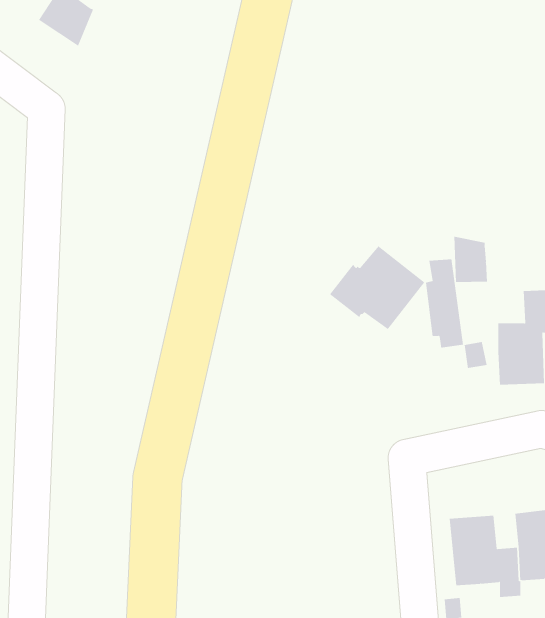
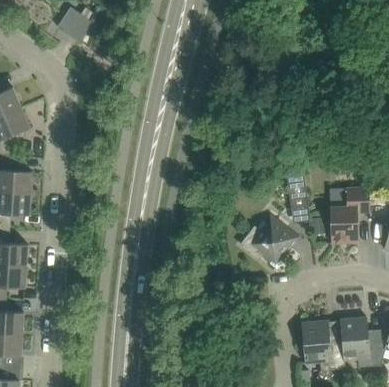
building: [454,236,487,283] -> none
building: [329,245,425,330] -> [242,215,299,265]

